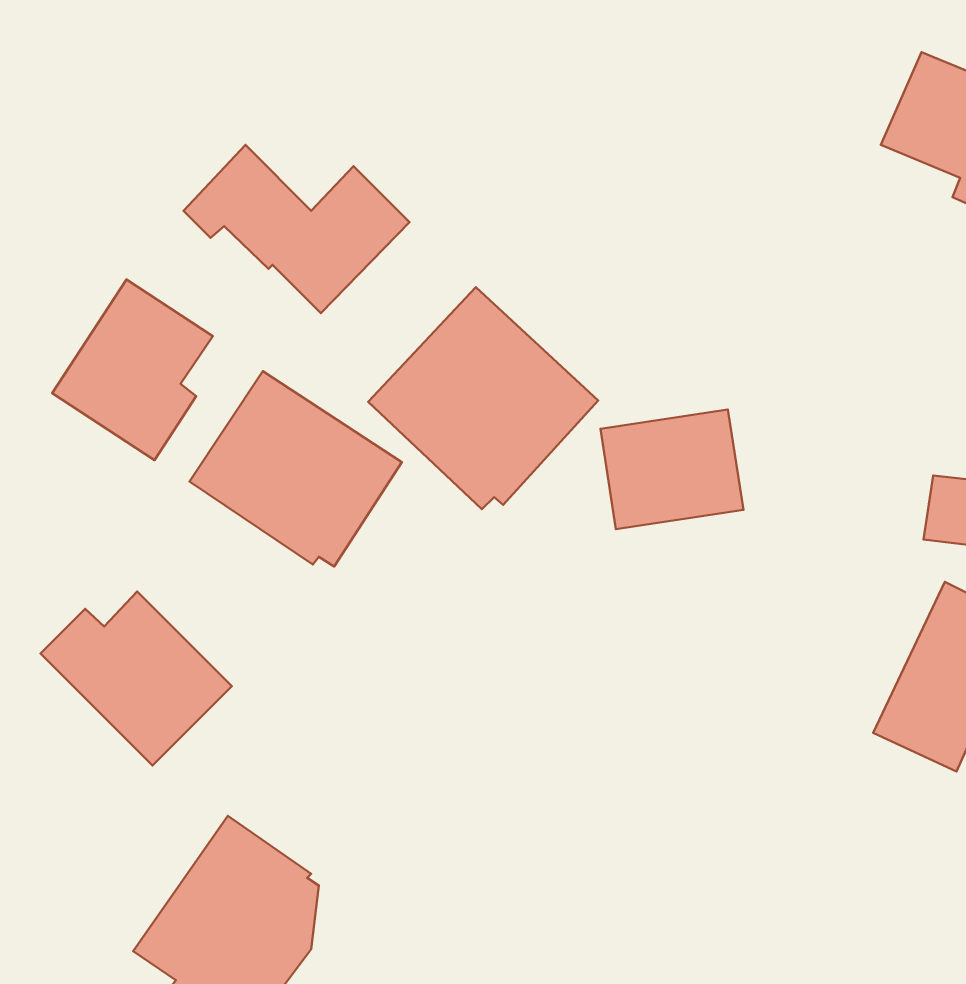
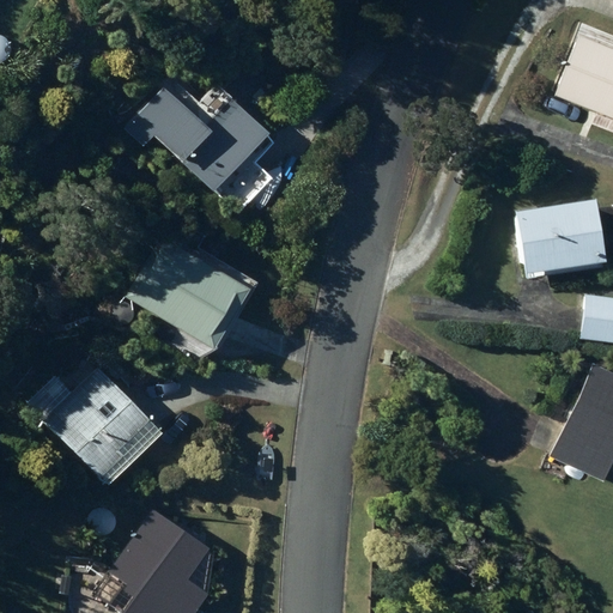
building: [52,280,213,460] -> none
building: [368,287,598,509] -> none
building: [600,409,743,529] -> [515,196,603,271]

